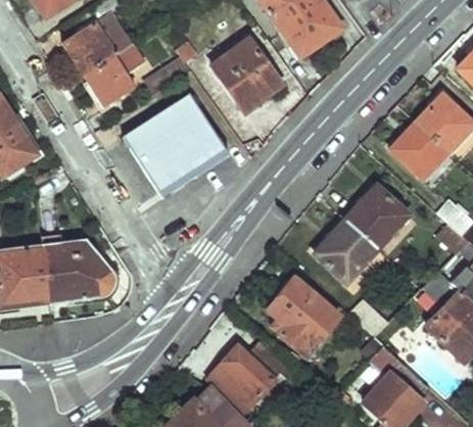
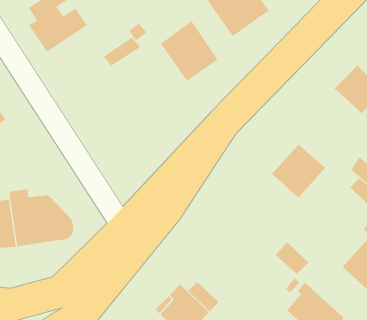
building: [84,44,143,108] -> none
building: [124,97,227,198] -> none
building: [393,118,450,174] -> none
building: [314,218,376,281] -> none
building: [269,276,338,350] -> none

